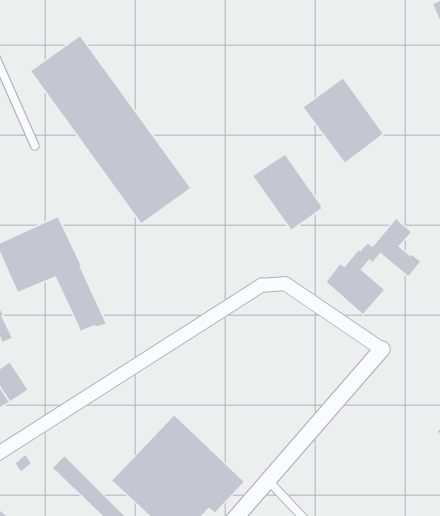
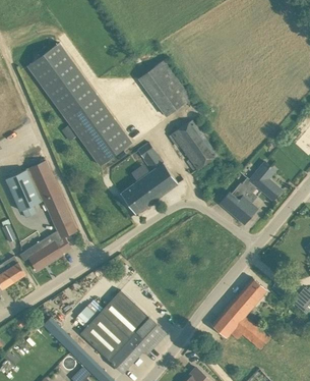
building: [302,78,384,163] -> [138,60,191,116]
building: none -> [120,143,177,214]
building: none -> [19,231,70,271]
building: none -> [211,278,270,349]

